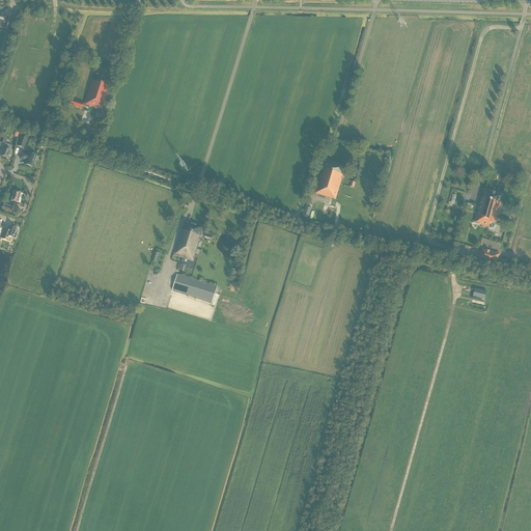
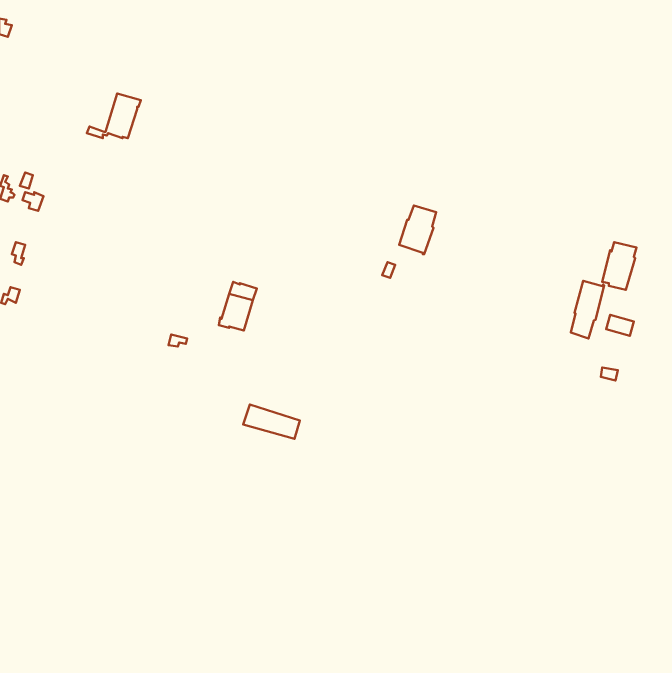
building: none -> [571,281,604,339]
building: [171,275,216,302] -> [243,405,300,439]

